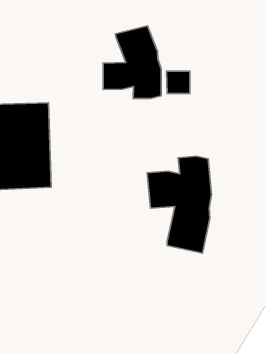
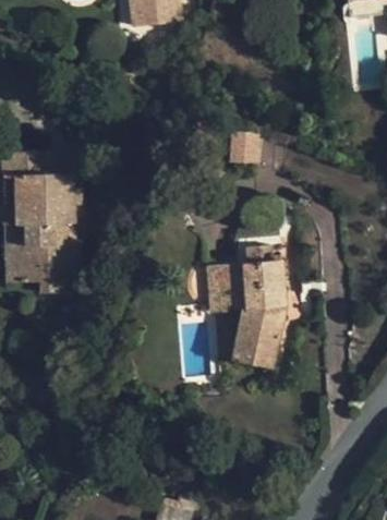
building: [103,26,161,99] -> none

